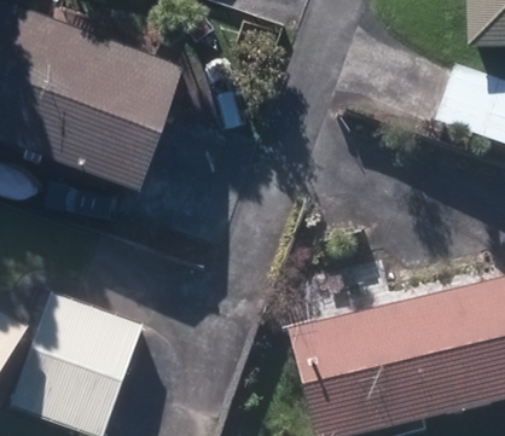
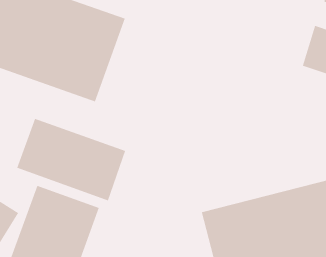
building: none -> [16,118,126,202]

